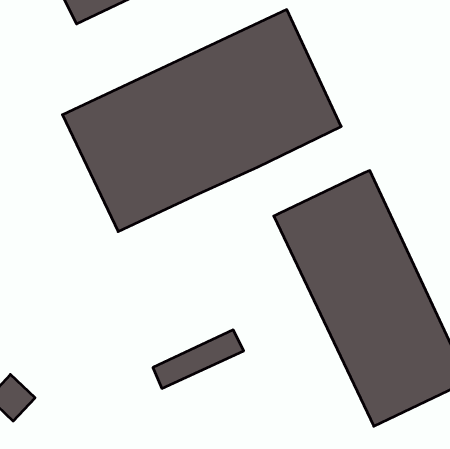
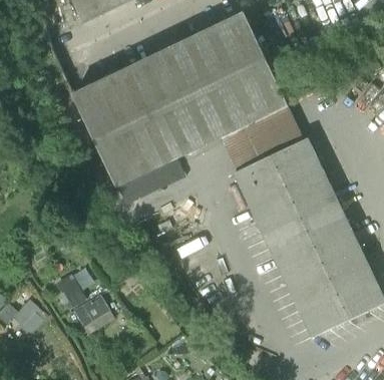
building: none -> [221,102,302,169]
building: [153,330,244,388] -> [112,154,182,200]
building: none -> [66,281,110,321]

